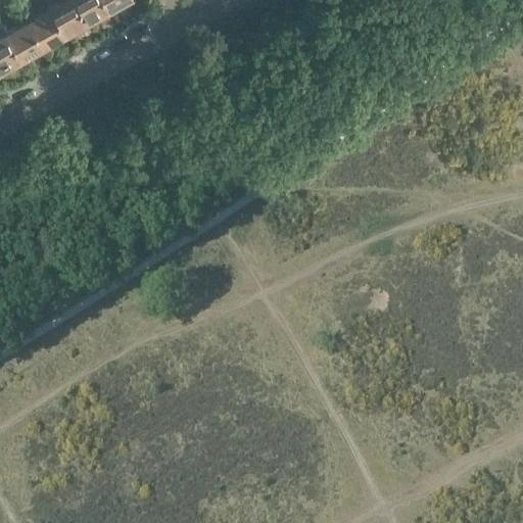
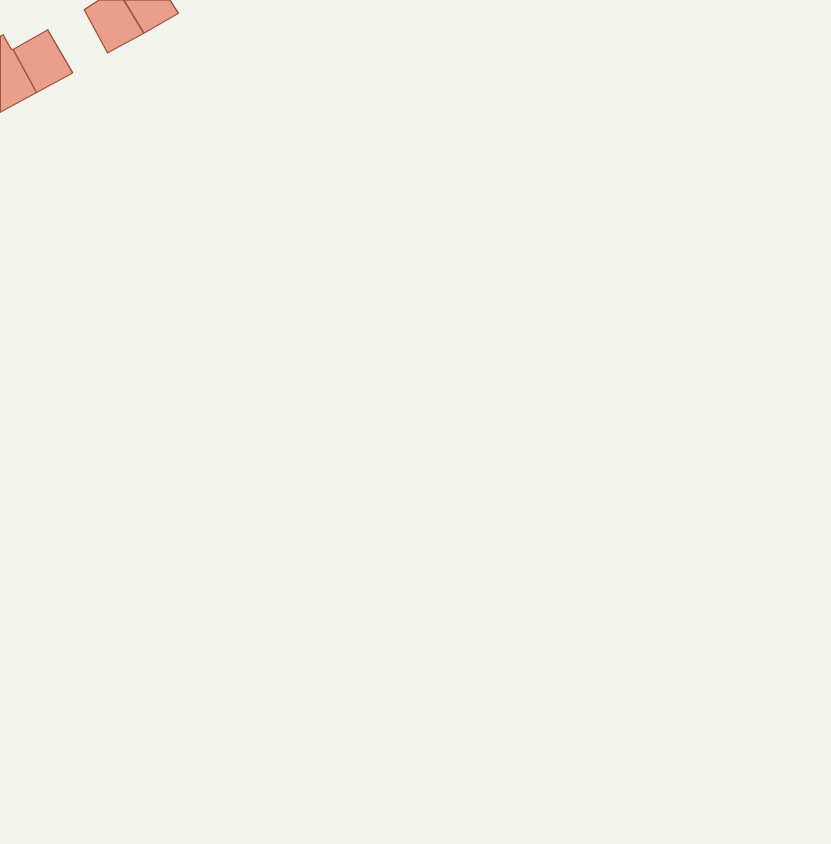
building: [38,6,75,45] -> none

